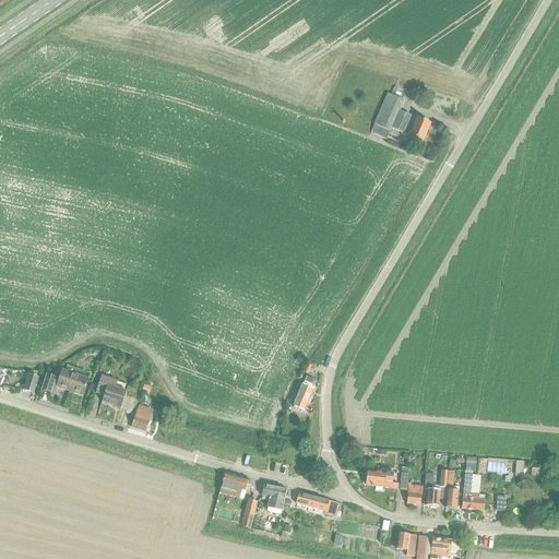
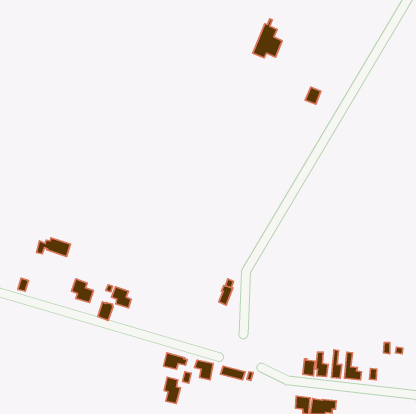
building: [371,85,411,138] -> [253,19,282,58]
building: [43,369,88,394] -> [36,238,71,256]
building: none -> [112,287,131,308]
building: [366,469,399,488] -> none
building: none -> [164,377,181,404]

